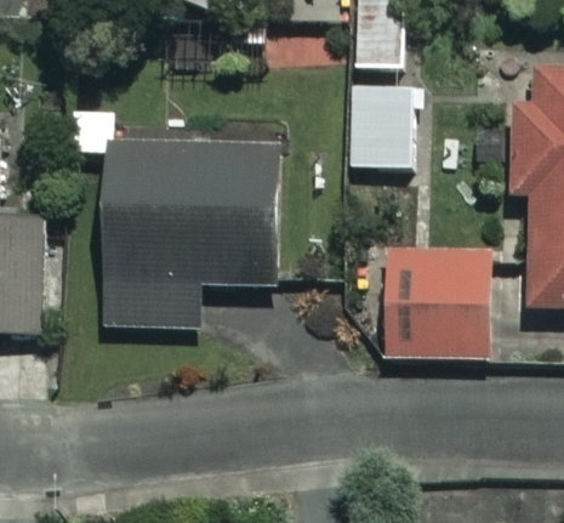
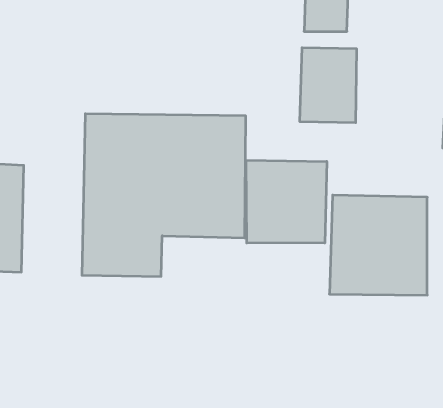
building: none -> [246,160,327,243]

